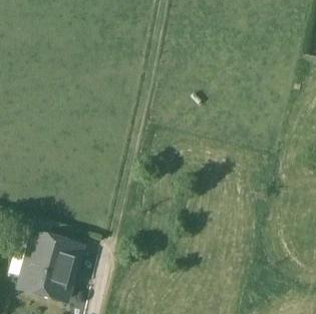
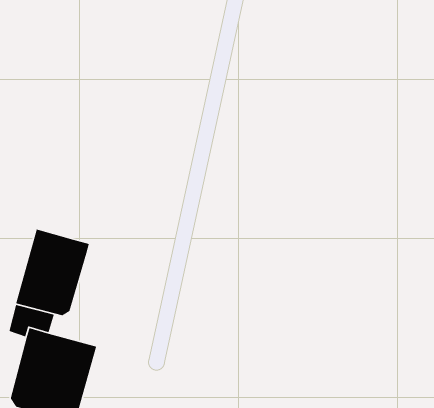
building: none -> [15,229,90,316]

